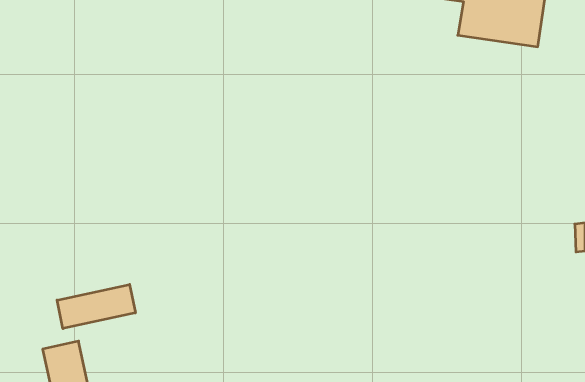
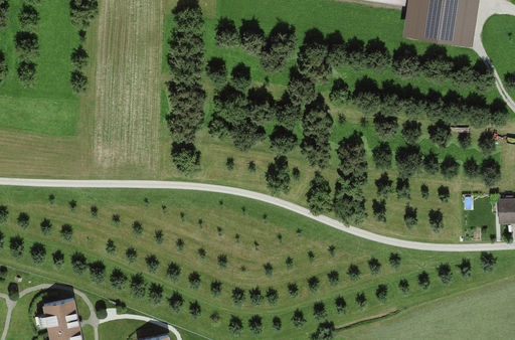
building: [57,284,135,329] -> none

